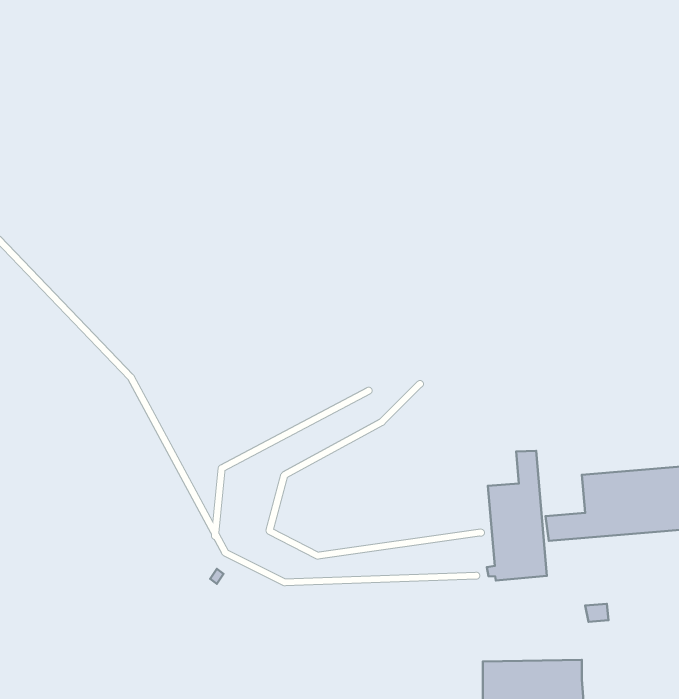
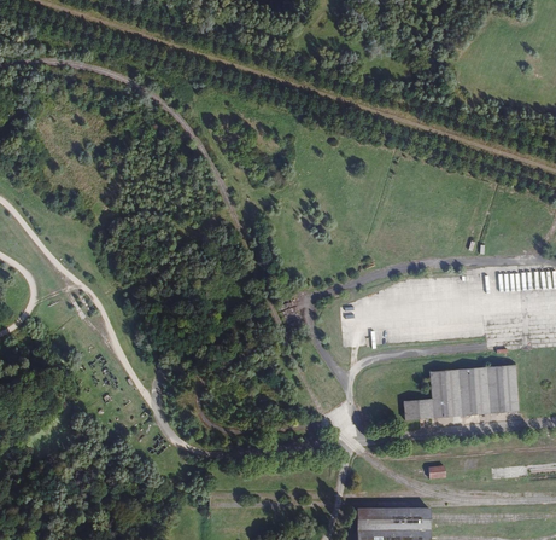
building: [487,451,547,580] -> none

